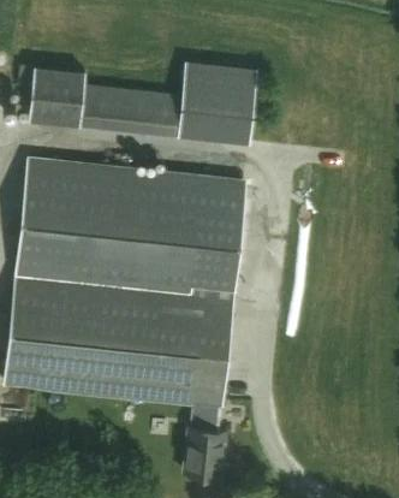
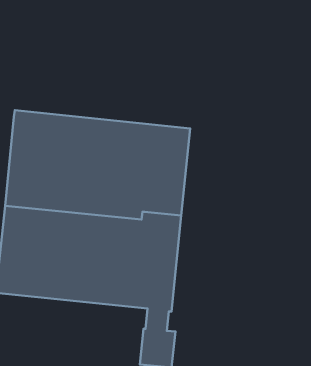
building: [34,61,262,141] -> none

